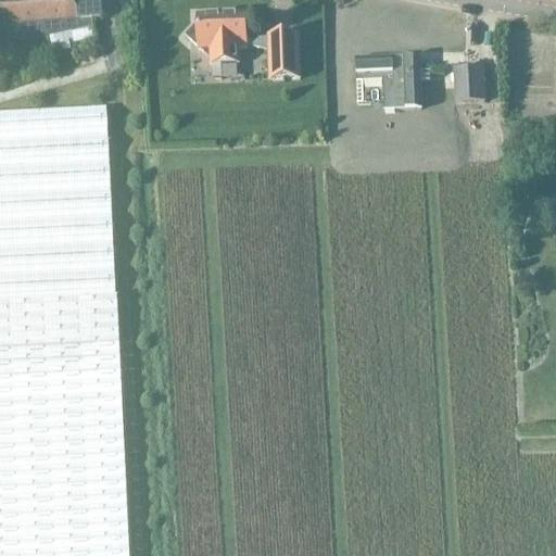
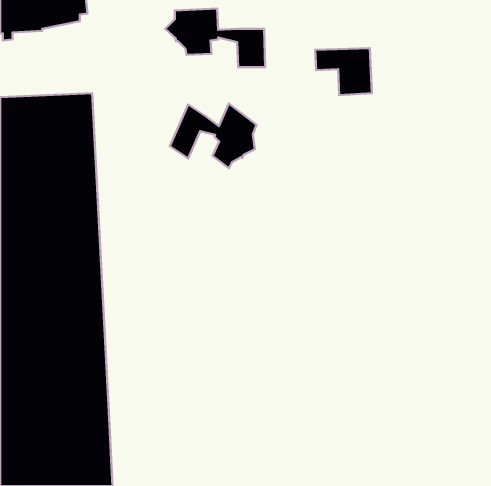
building: [454,63,484,100] -> none
building: none -> [170,104,257,168]

